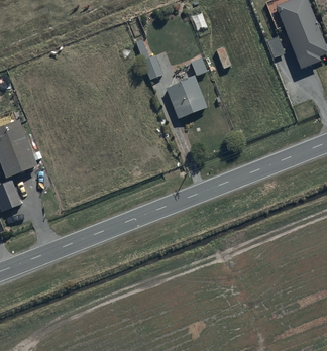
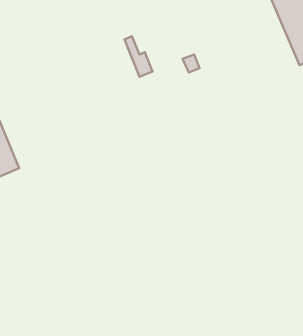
building: [166,75,207,118] -> none

